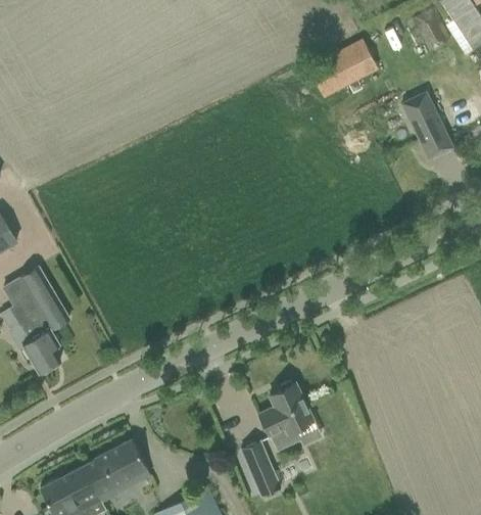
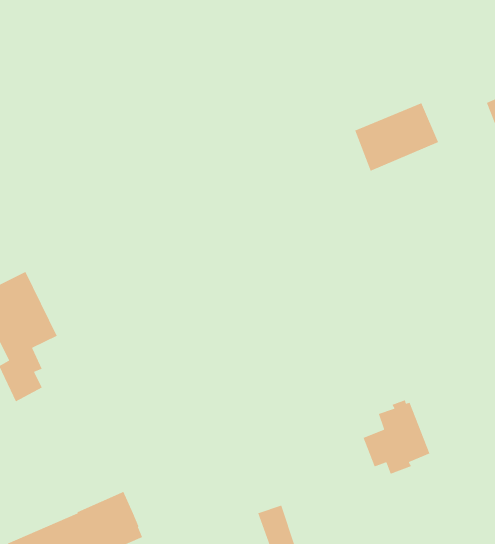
building: [308,40,378,99] -> [354,102,439,172]
building: [258,382,315,444] -> [362,399,431,475]

